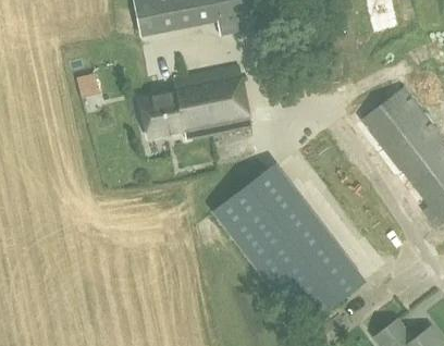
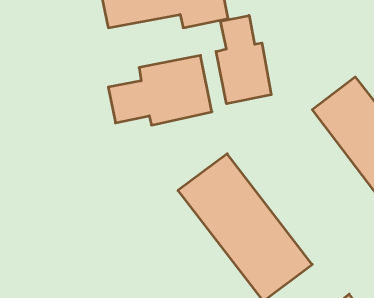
building: none -> [216,15,271,104]

